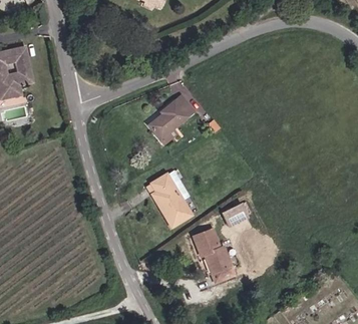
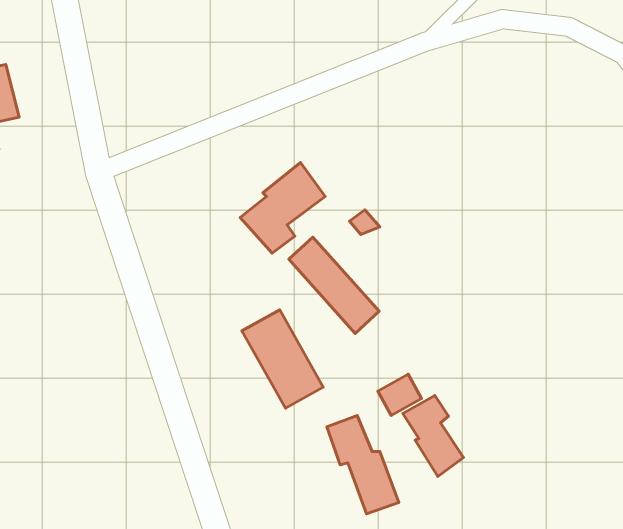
building: none -> [289,237,379,333]
building: none -> [403,395,464,476]

